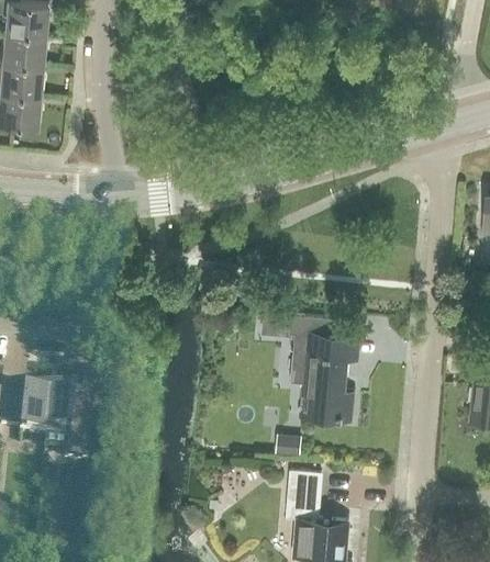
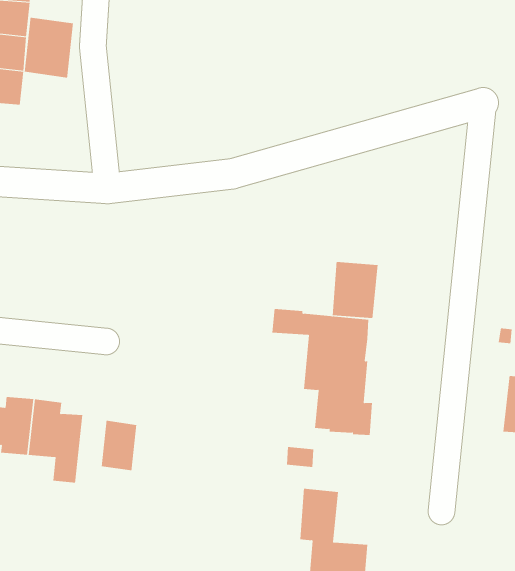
building: none -> [24,17,73,78]
building: none -> [332,261,378,319]
building: none -> [101,420,137,471]

